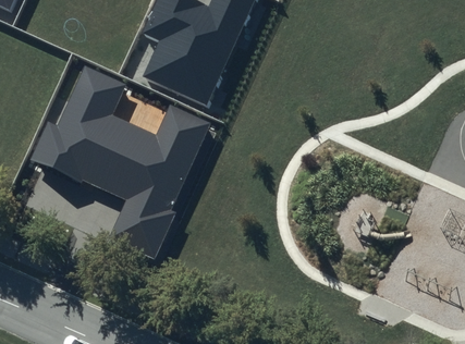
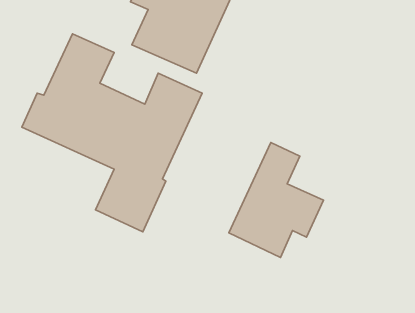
building: none -> [229,143,323,257]

